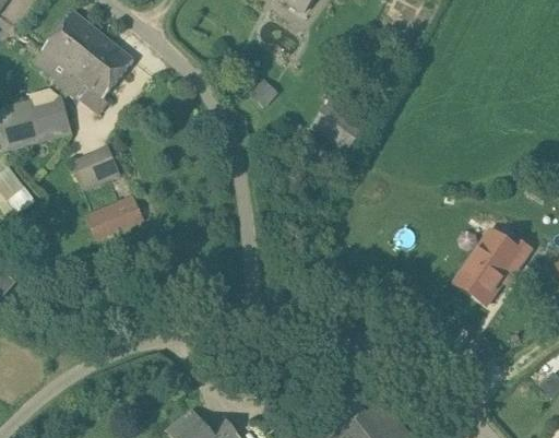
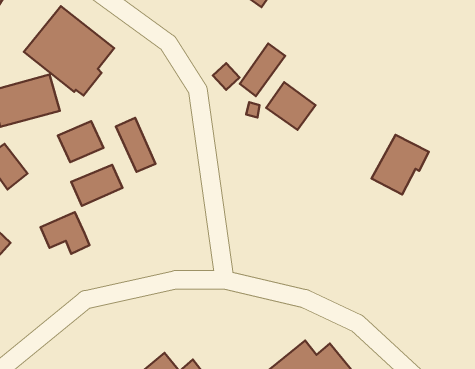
building: none -> [240,44,285,96]
building: none -> [116,118,156,172]
building: [456,238,522,307] -> [372,135,429,195]
building: none -> [40,212,90,254]

